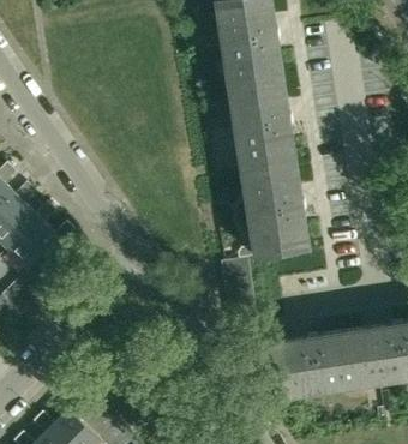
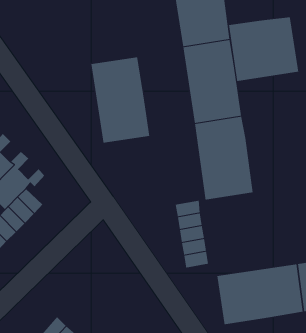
building: none -> [229,17,299,82]
building: none -> [91,56,150,144]

